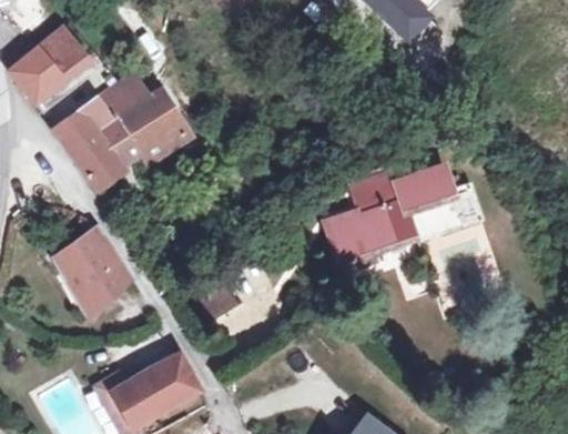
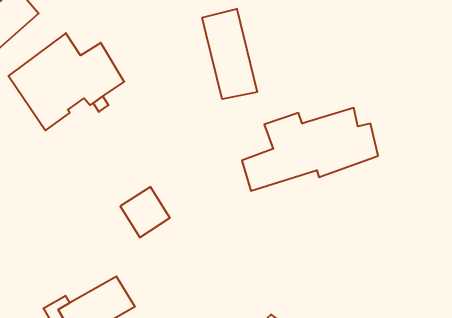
building: none -> [202,9,257,99]
building: [57,232,130,315] -> none

